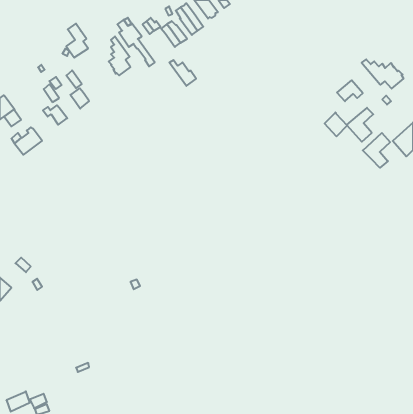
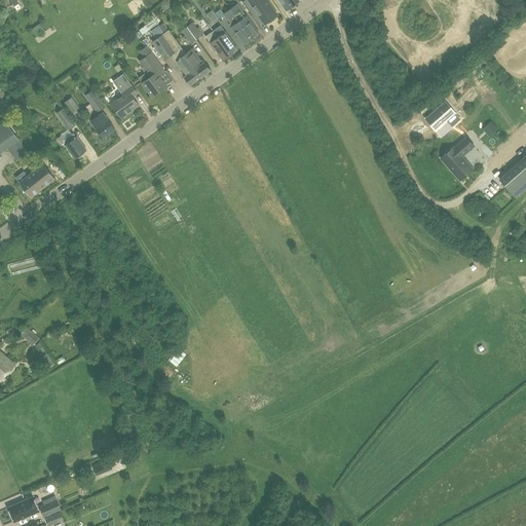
building: [66,24,88,58] -> [110,74,138,117]
building: [362,59,403,89] -> none
building: [169,60,196,86] -> [175,46,209,79]
building: [325,112,347,136] -> none
building: [363,133,390,168] -> none

